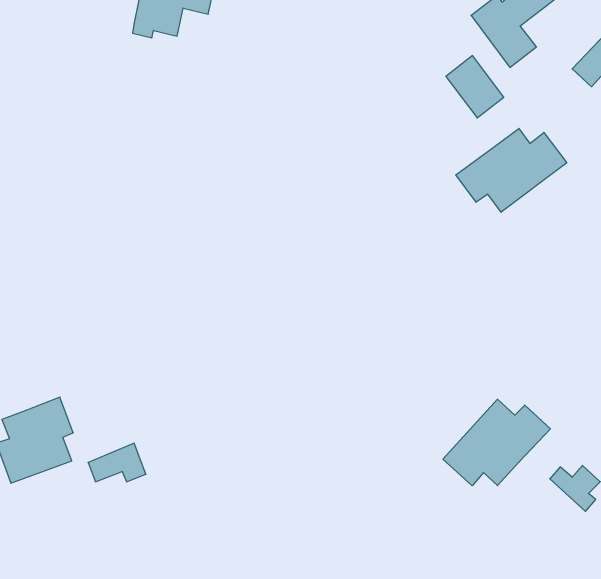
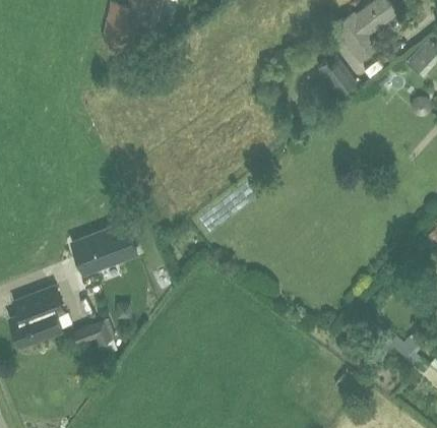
building: [456,128,567,212] -> none
building: none -> [72,224,137,273]
building: [443,399,550,486] -> none

